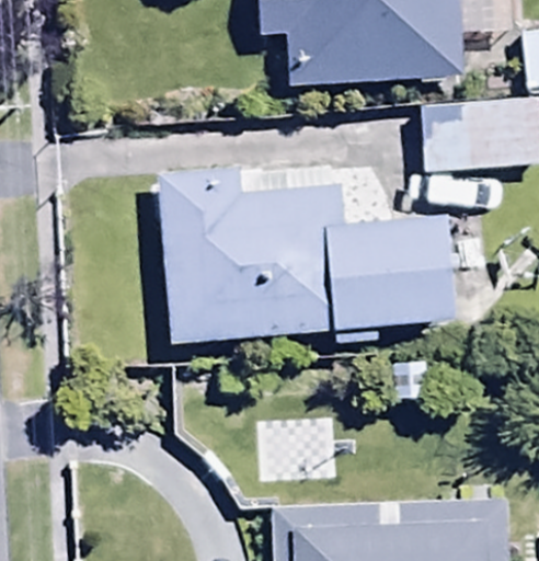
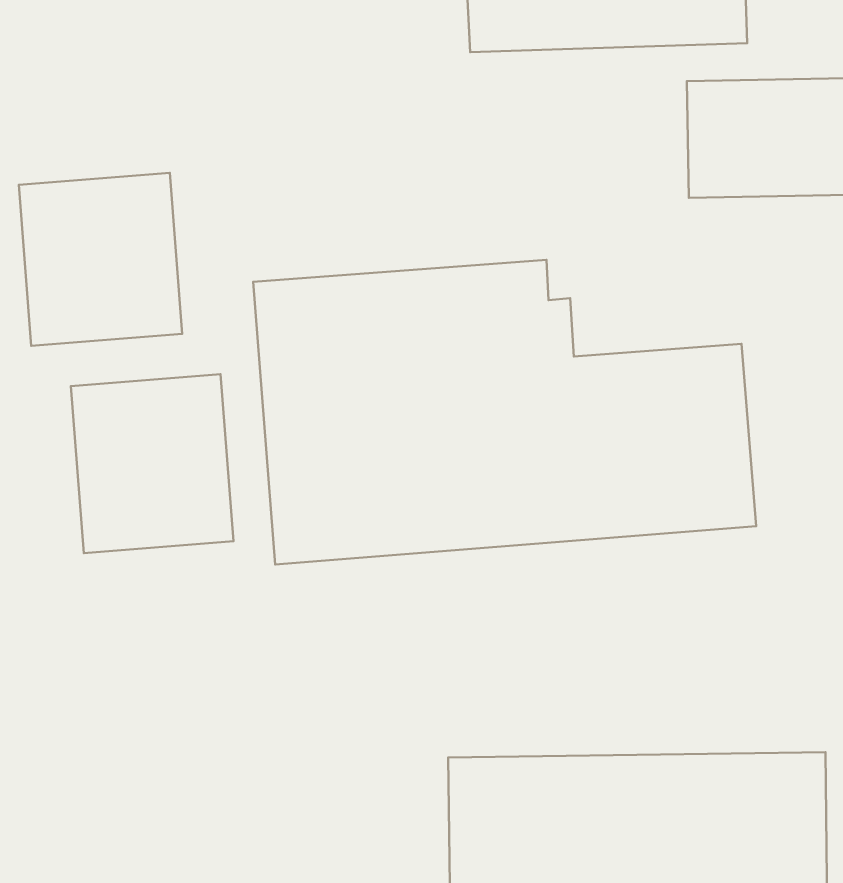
building: none -> [19,173,182,346]
building: none -> [71,374,234,553]

